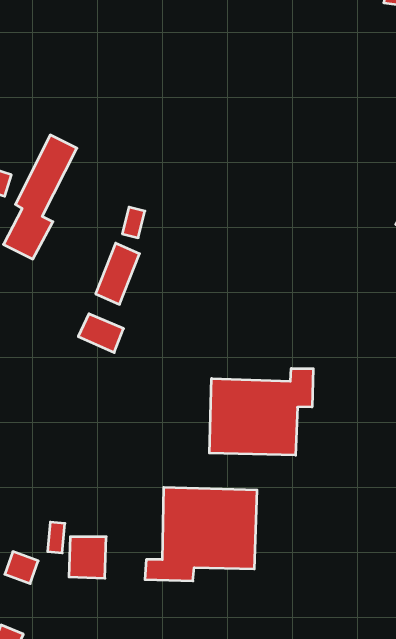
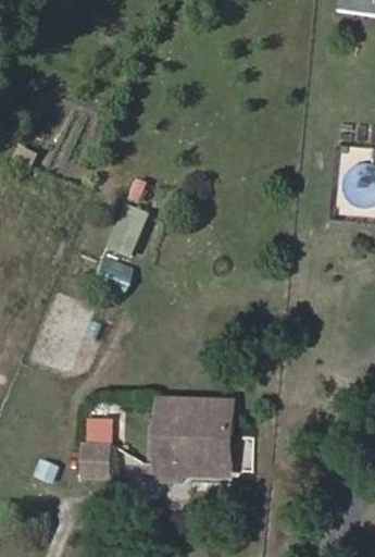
building: [209,368,313,455] -> none

